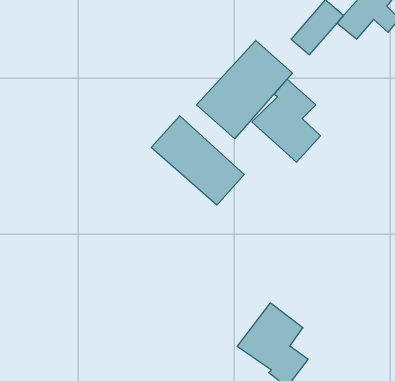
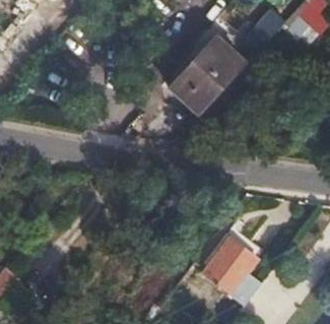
building: [252,79,320,162] -> none
building: [151,116,244,205] -> none

